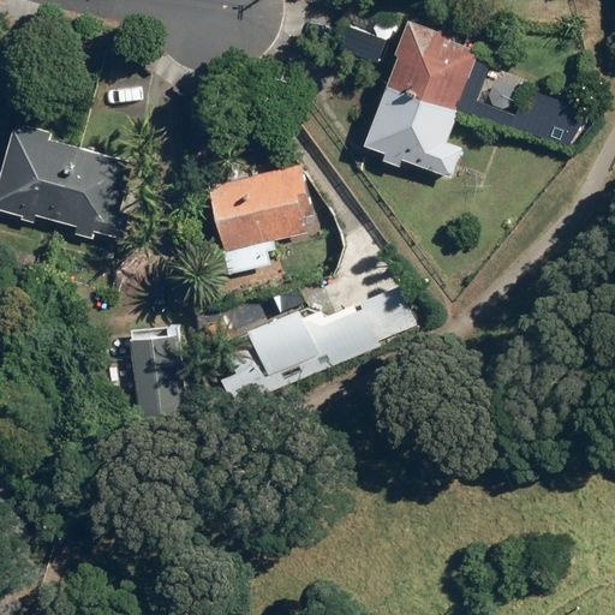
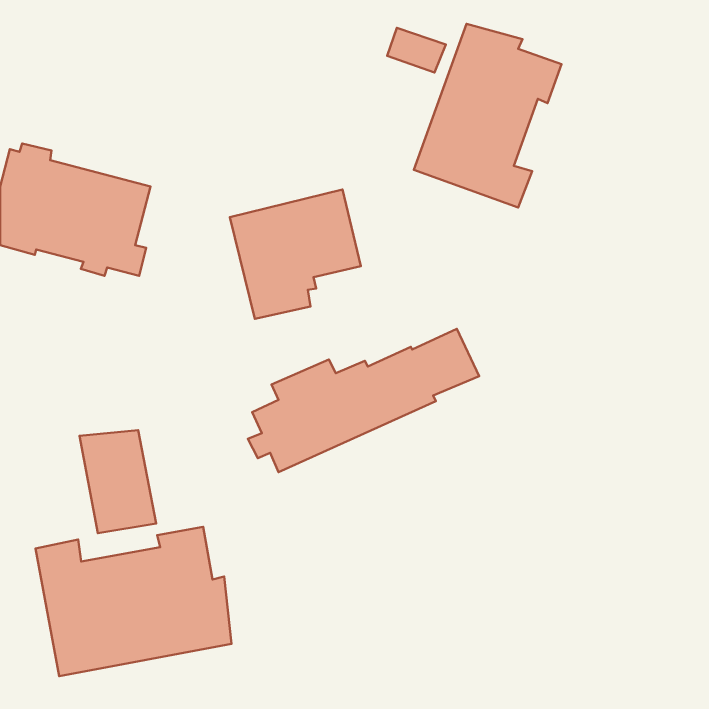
building: [125,333,191,422] -> [80,430,156,533]
building: none -> [35,527,232,676]

